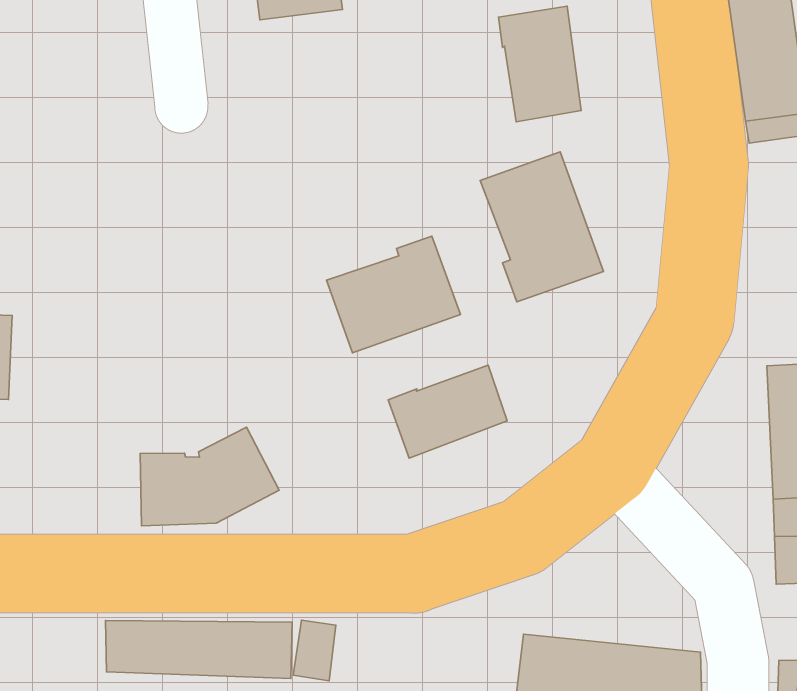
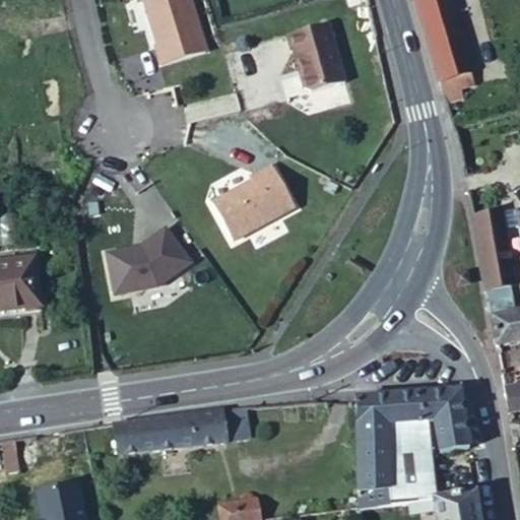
building: [480,152,603,302] -> none
building: [388,365,507,458] -> none
building: [140,427,279,526] -> [108,226,191,292]

